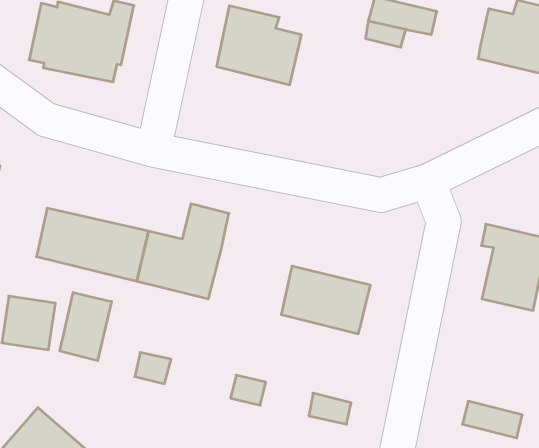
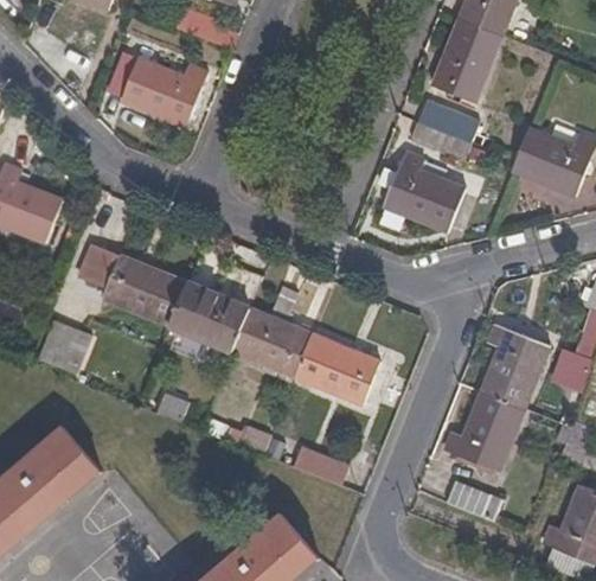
building: [217,6,301,85] -> [384,151,466,231]
building: none -> [231,287,312,376]
building: [60,292,112,361] -> none
building: none -> [443,390,525,473]

